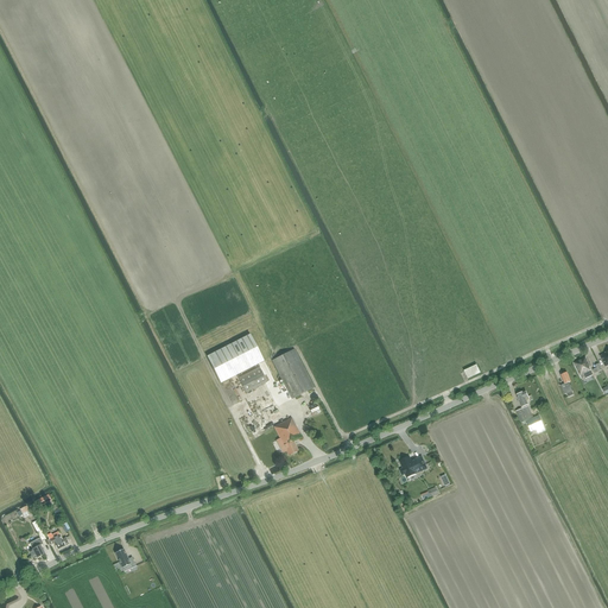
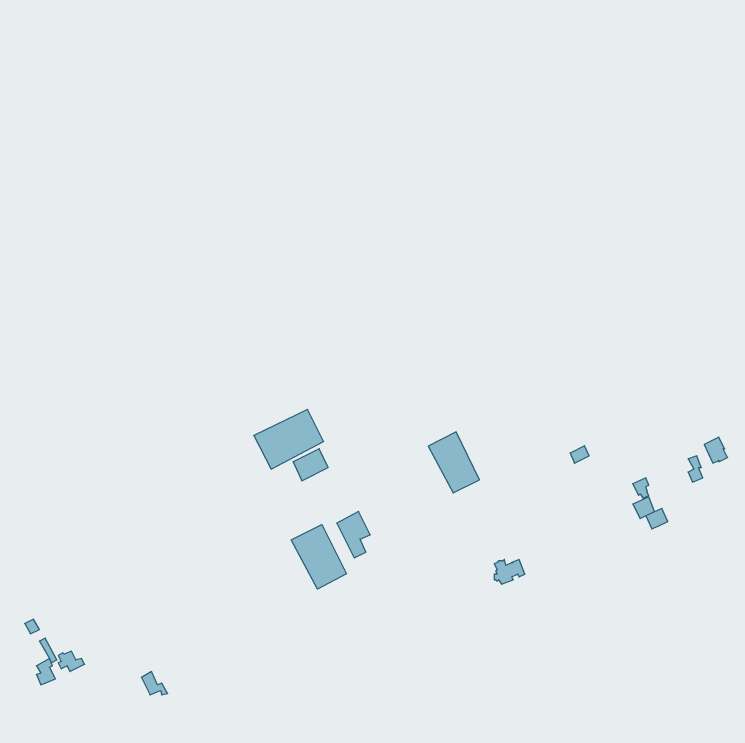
building: [272,348,314,398] -> [428,432,479,493]
building: none -> [291,525,346,589]

